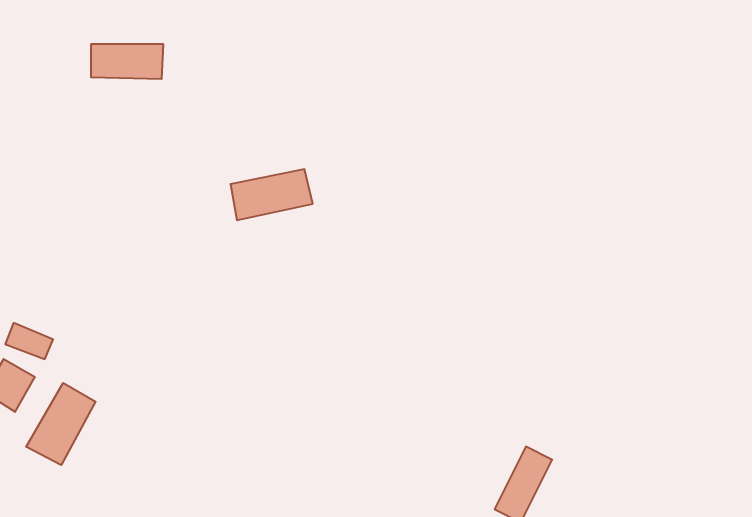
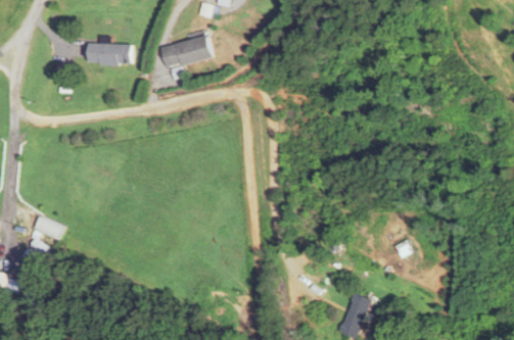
building: [230,169,313,220] -> [160,37,212,68]
building: [26,383,96,465] -> none

